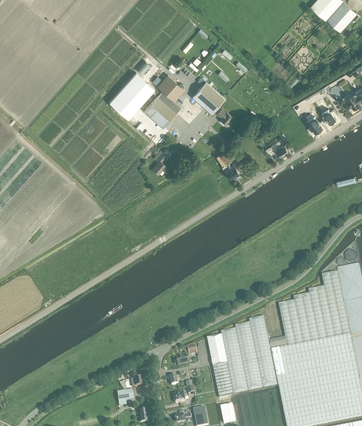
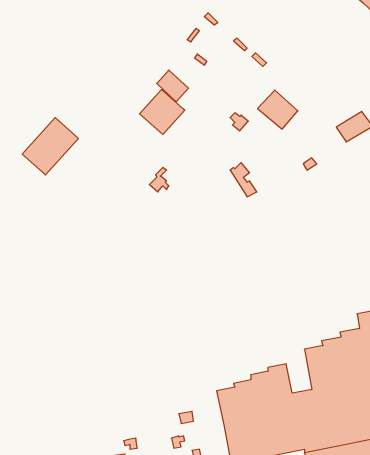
building: [109,71,155,118] -> [22,118,78,175]
building: [192,81,225,113] -> [258,90,298,129]

